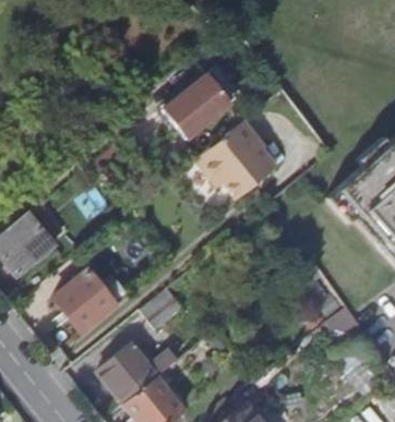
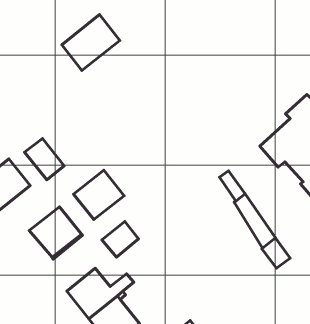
building: [163,73,231,140] -> [62,15,120,71]
building: [196,119,279,198] -> none
building: none -> [24,138,64,180]
building: none -> [73,170,124,220]

